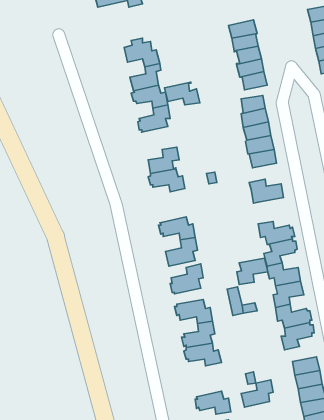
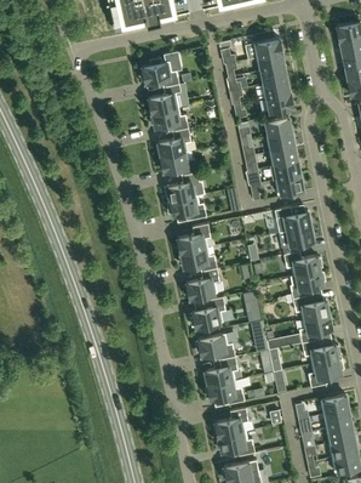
building: [164,82,200,105] -> [160,150,197,175]
building: none -> [177,223,211,252]
building: [237,258,268,285] -> [281,226,314,254]
building: [241,380,273,407] -> [214,408,248,437]

